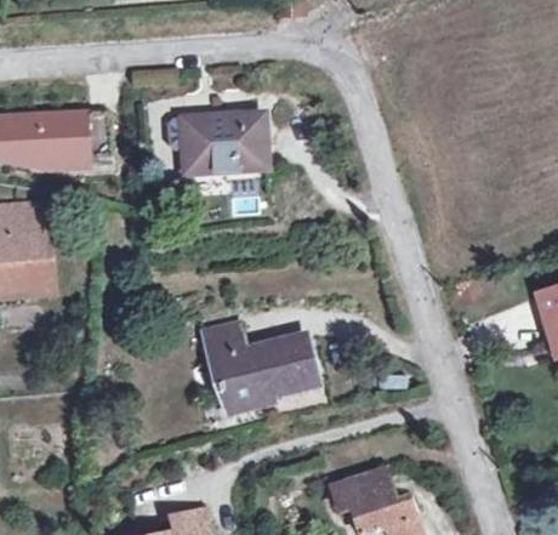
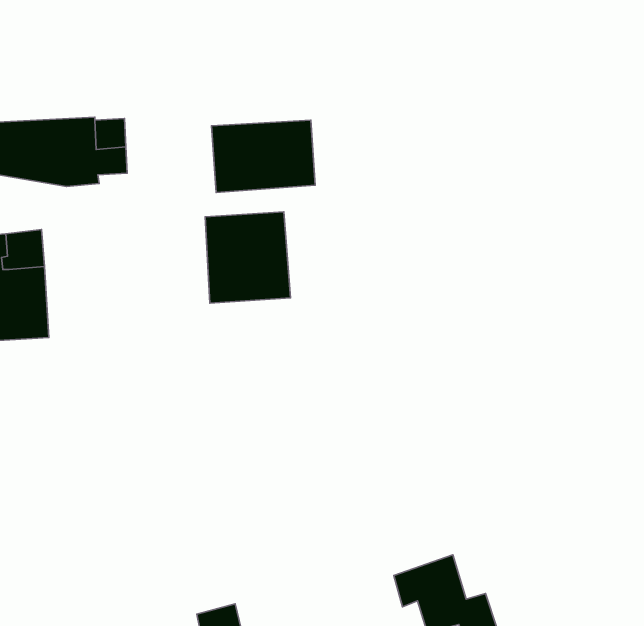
building: none -> [205,212,290,303]
building: [201,323,315,411] -> none

